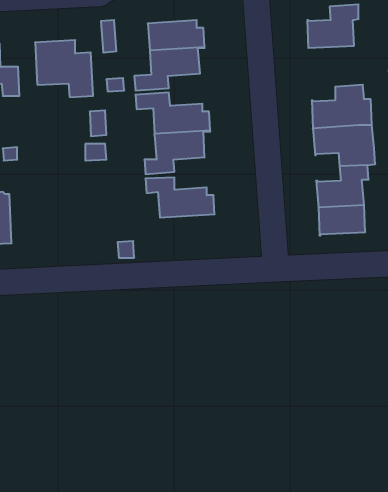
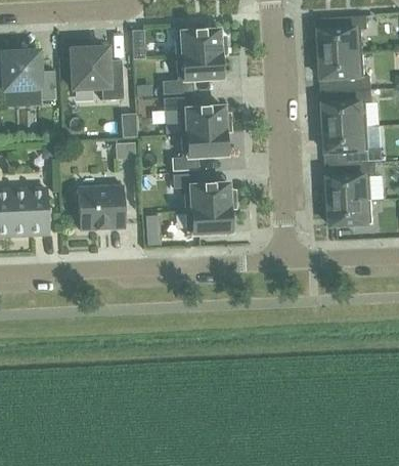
building: none -> [320,52,370,90]
building: none -> [77,184,124,229]
building: none -> [184,207,235,235]

